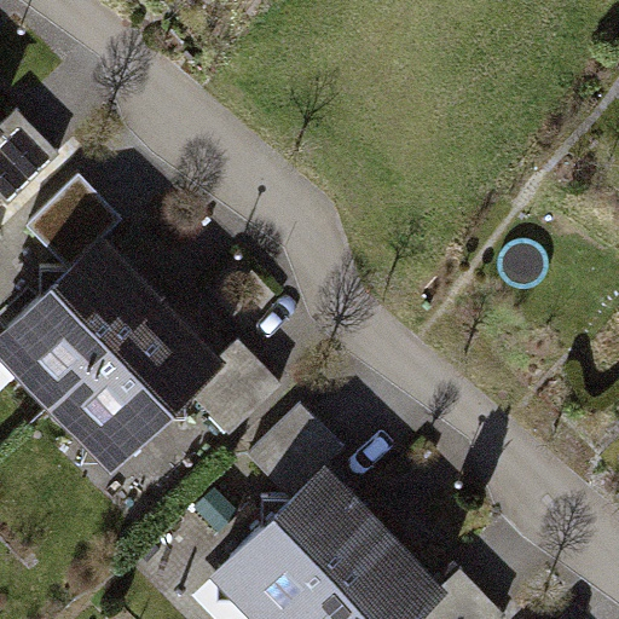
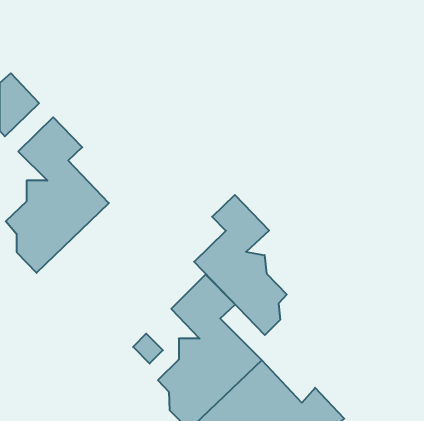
building: none -> [194,195,287,335]
building: [53,301,279,449] -> none

